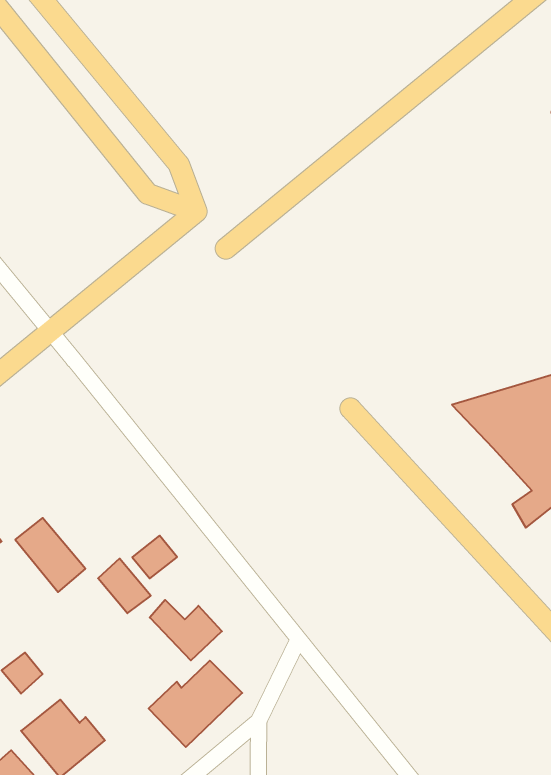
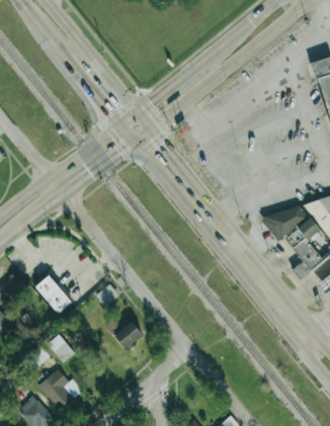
building: [98,559,151,613] -> [48,334,75,362]
building: [149,661,242,747] -> none

